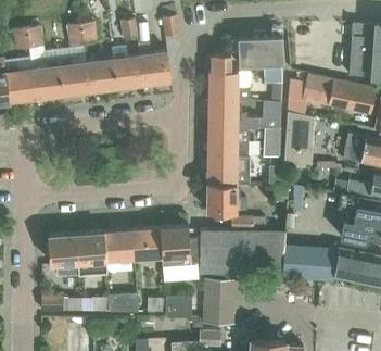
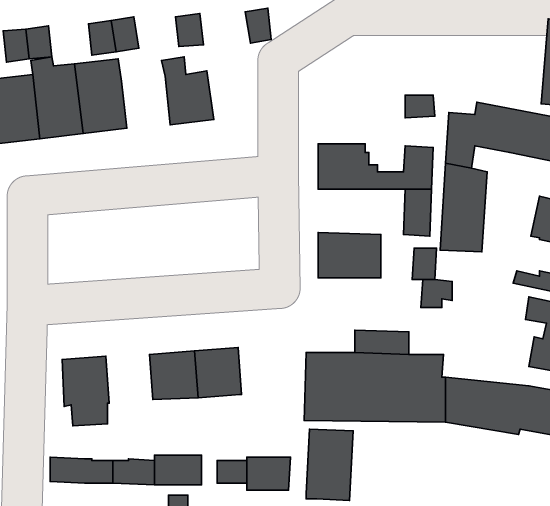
building: [238,37,283,67] -> none
building: [138,42,170,85] -> none
building: [208,54,249,100] -> none
building: [86,58,116,90] -> none
building: [208,128,247,156] -> none
building: [207,184,246,213] -> none
building: [158,225,199,266] -> none
building: [76,231,105,275] -> none

